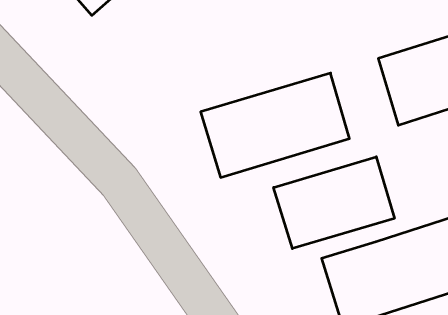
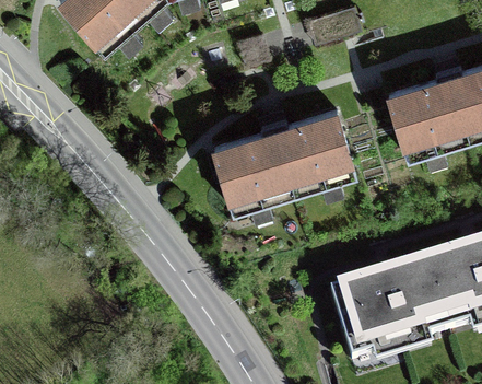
building: [274,157,394,249] -> none

